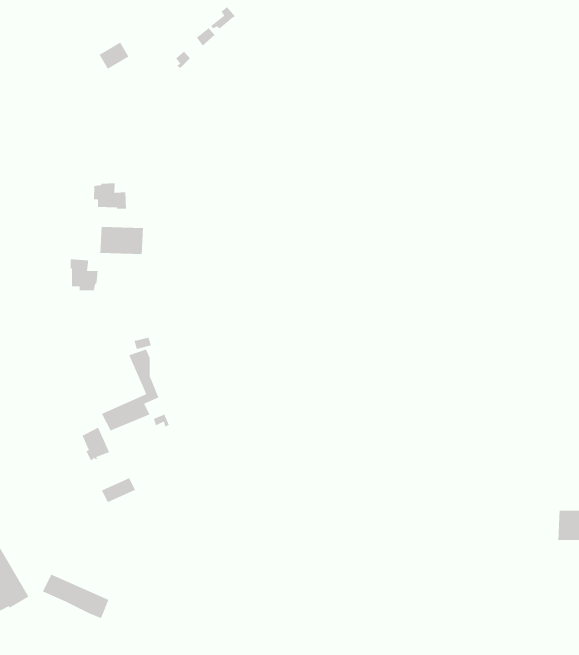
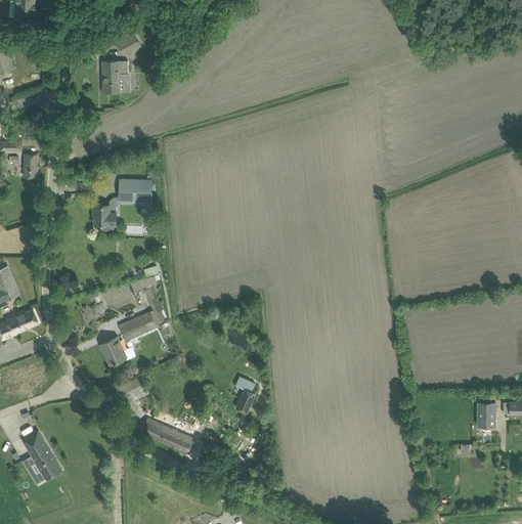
building: none -> [102,60,124,91]
building: [93,183,127,210] -> none
building: none -> [234,376,256,412]
building: [42,574,109,619] -> [140,418,193,453]

